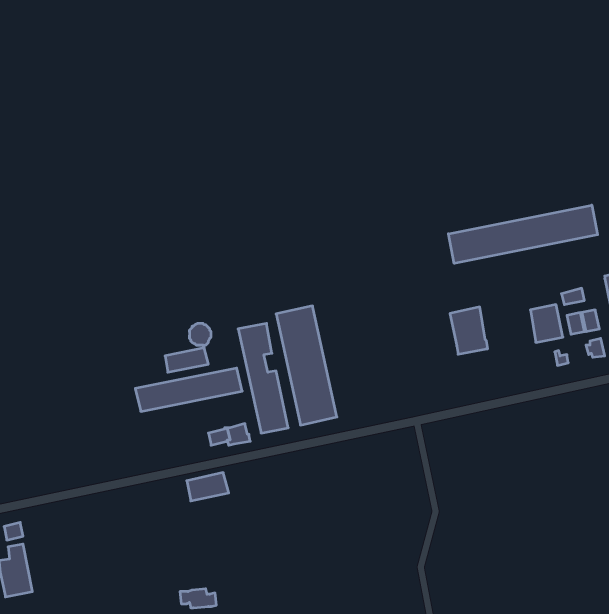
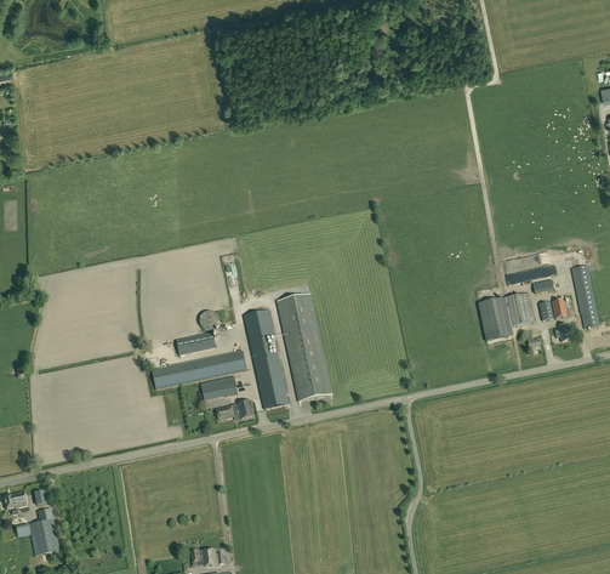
building: [448,205,598,263] -> none
building: [450,307,488,354] -> [478,299,512,341]
building: [187,473,229,501] -> [200,376,238,402]

